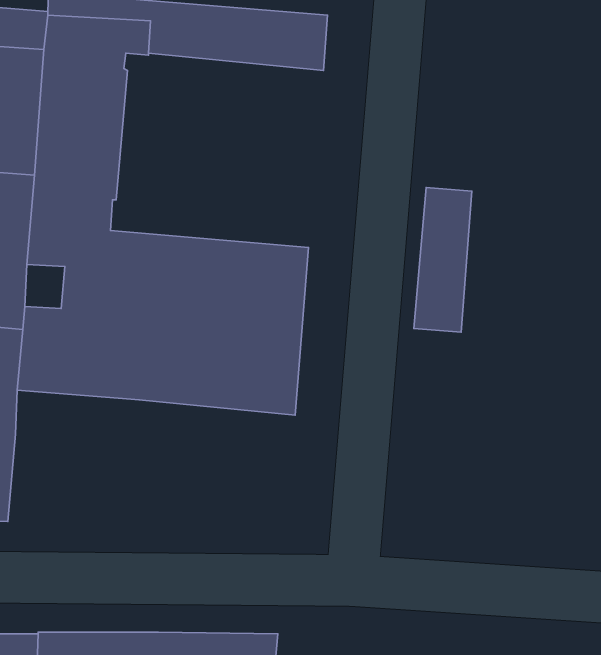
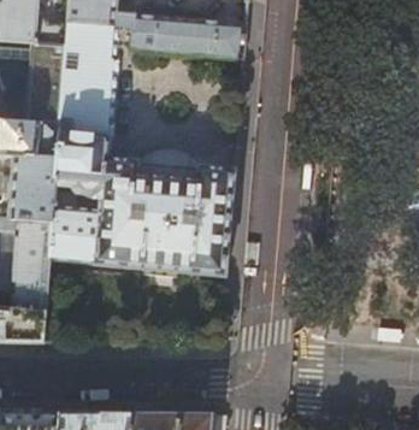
building: [414,188,472,332] -> none

